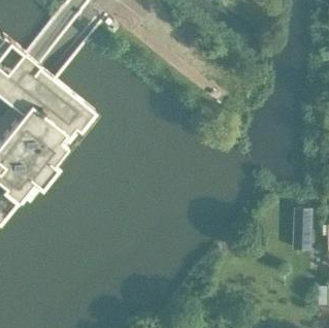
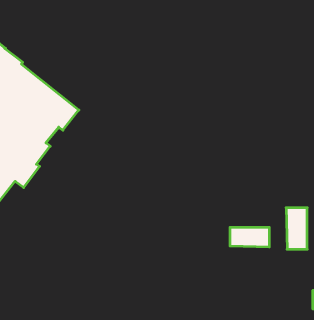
building: none -> [230,227,269,247]

